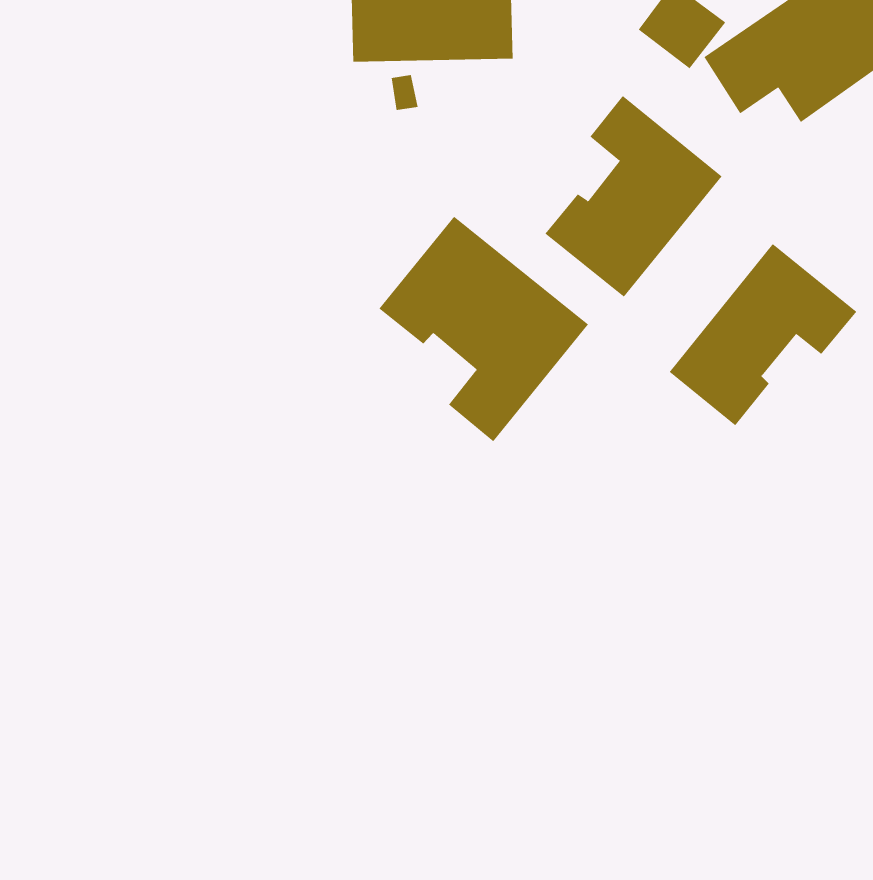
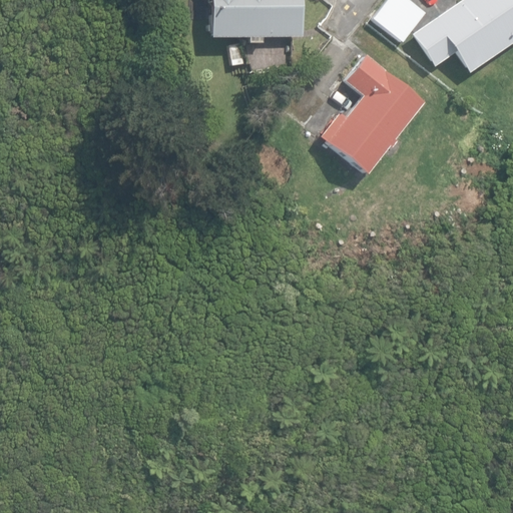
building: [378,216,589,442] -> none
building: [669,243,857,426] -> none

